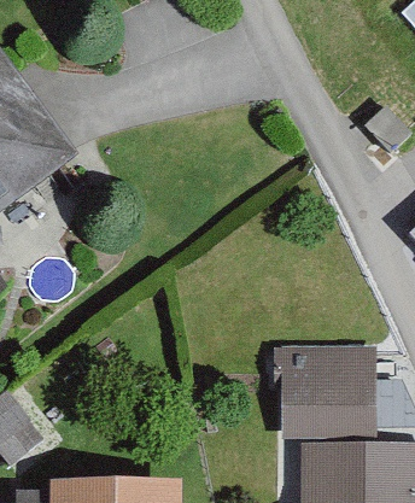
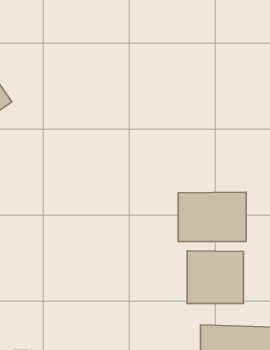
building: none -> [178,192,246,241]

